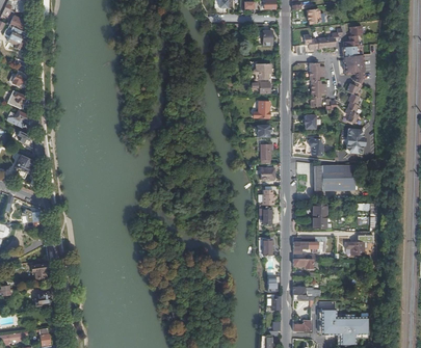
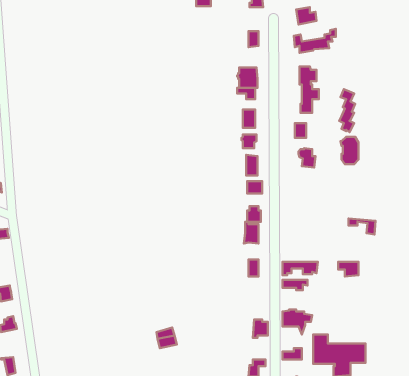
building: [342,26,364,83] -> none
building: [313,165,360,190] -> none
building: [312,204,331,227] -> none

